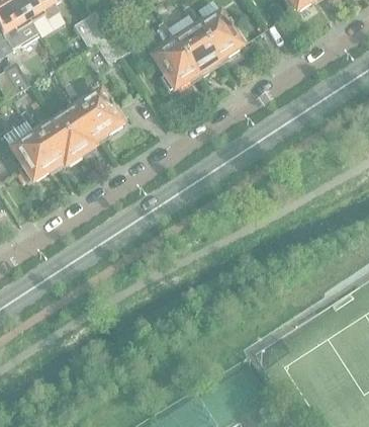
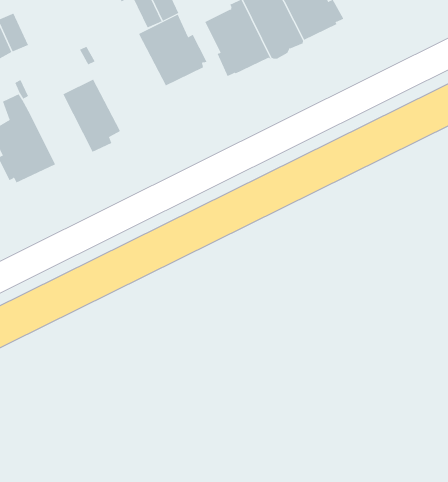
building: [76,87,126,139] -> [138,14,207,86]
building: [33,117,81,167] -> none

